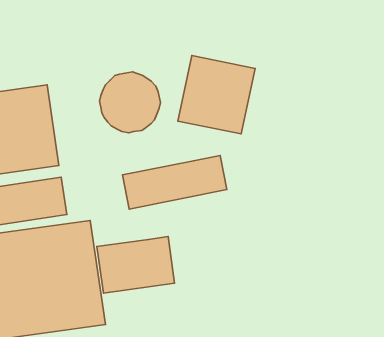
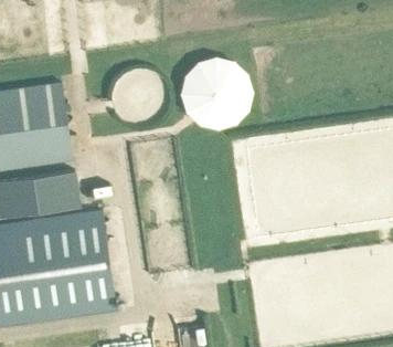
building: [123,155,227,209] -> none
building: [97,237,174,293] -> none

